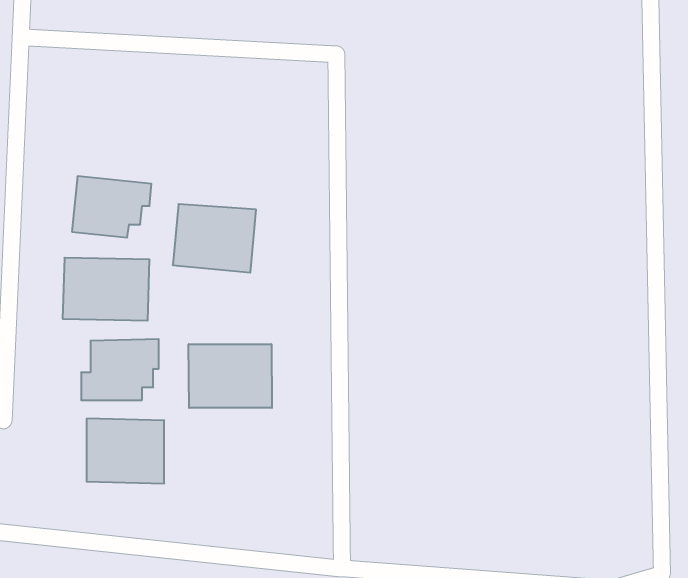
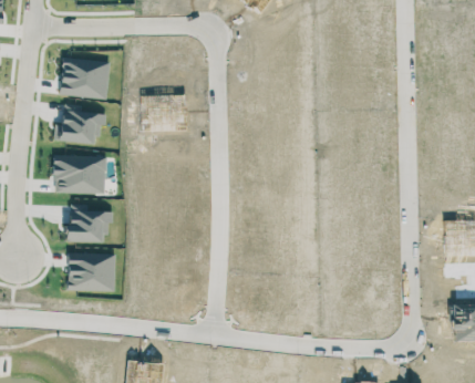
building: [173,204,256,273] -> [60,58,110,99]
building: [189,344,272,408] -> none

